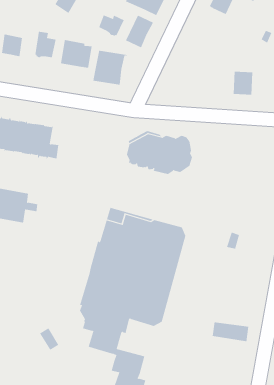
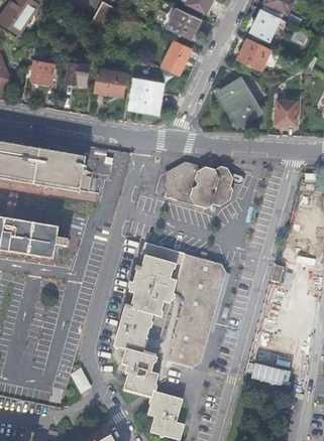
building: none -> [237,38,271,70]
building: [98,14,125,36] -> none
building: none -> [219,79,260,124]

